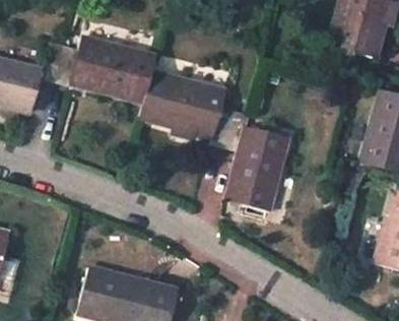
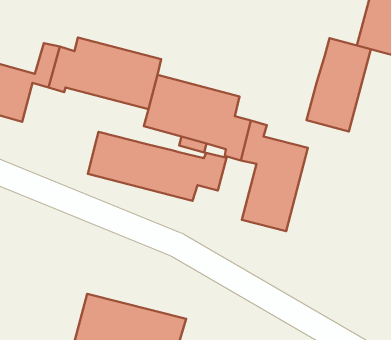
building: none -> [307,38,371,131]
building: none -> [88,132,227,201]

